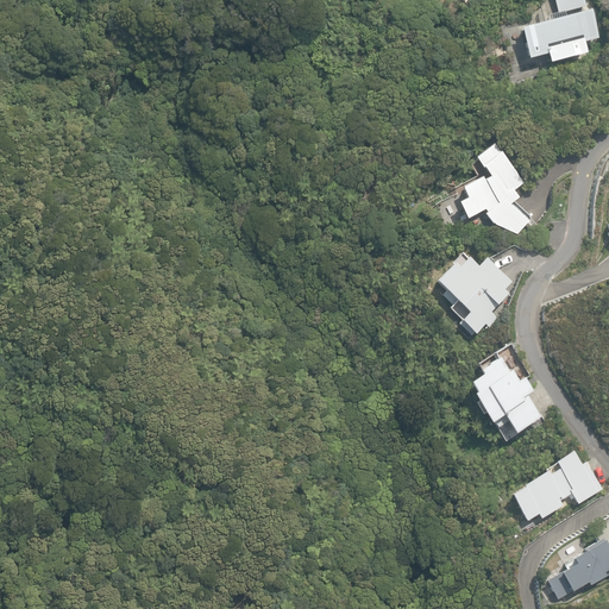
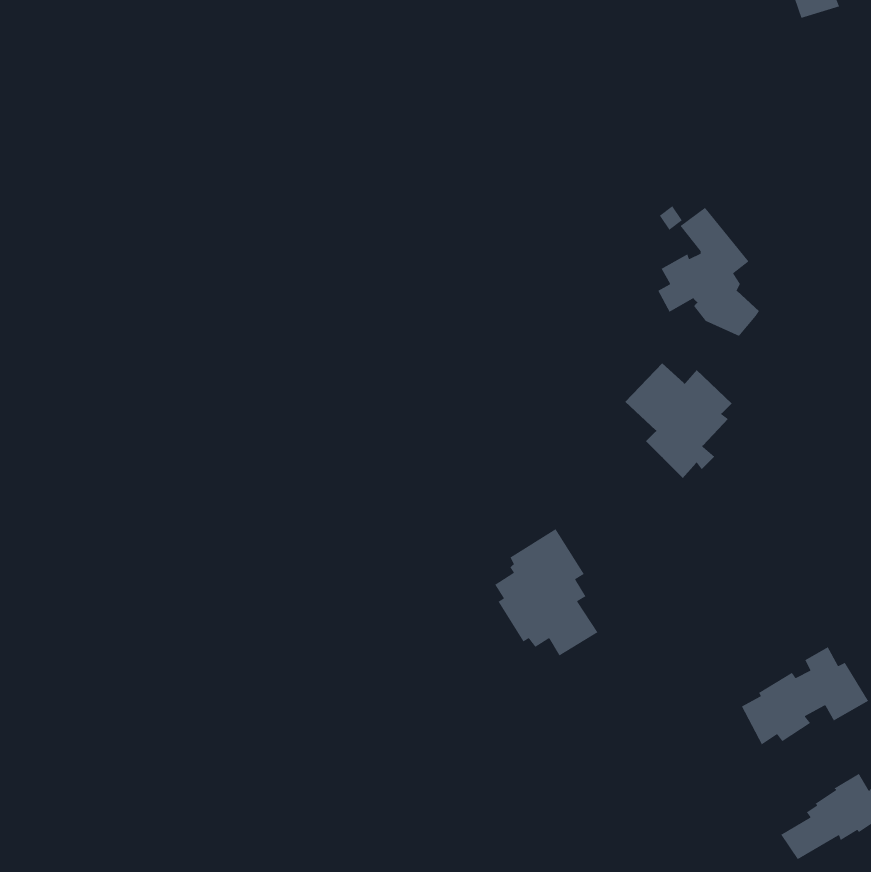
building: [521,10,597,63] -> none
building: [469,343,541,432] -> [494,528,599,656]

